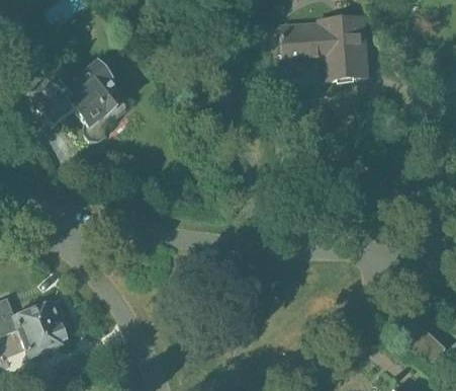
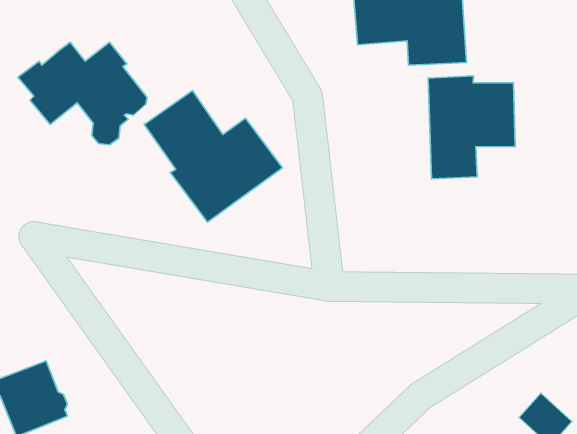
building: none -> [428,76,515,179]
building: none -> [144,90,283,222]

